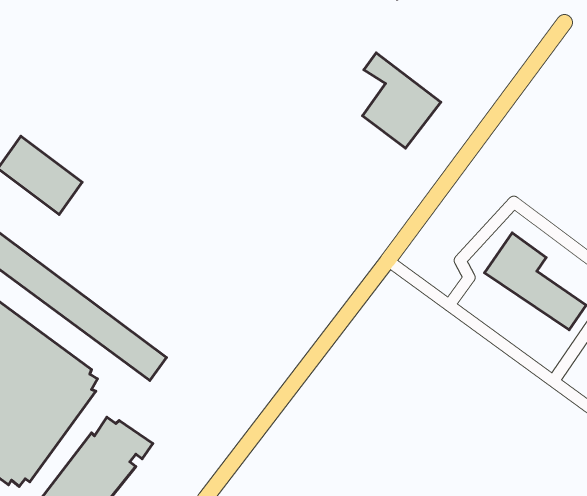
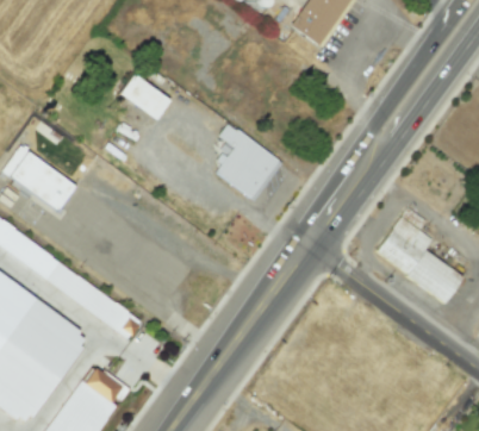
building: none -> [120,76,174,124]
building: [362,53,441,148] -> [218,123,279,196]

